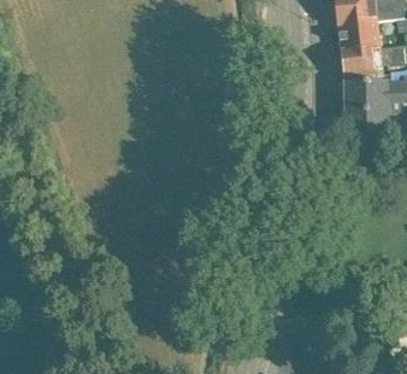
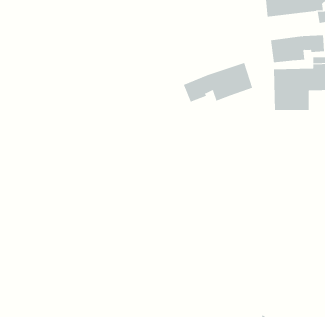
building: [336,17,377,48] -> none
building: none -> [183,62,253,103]

